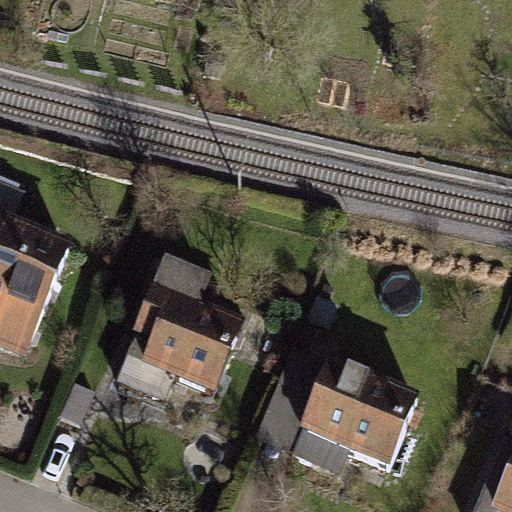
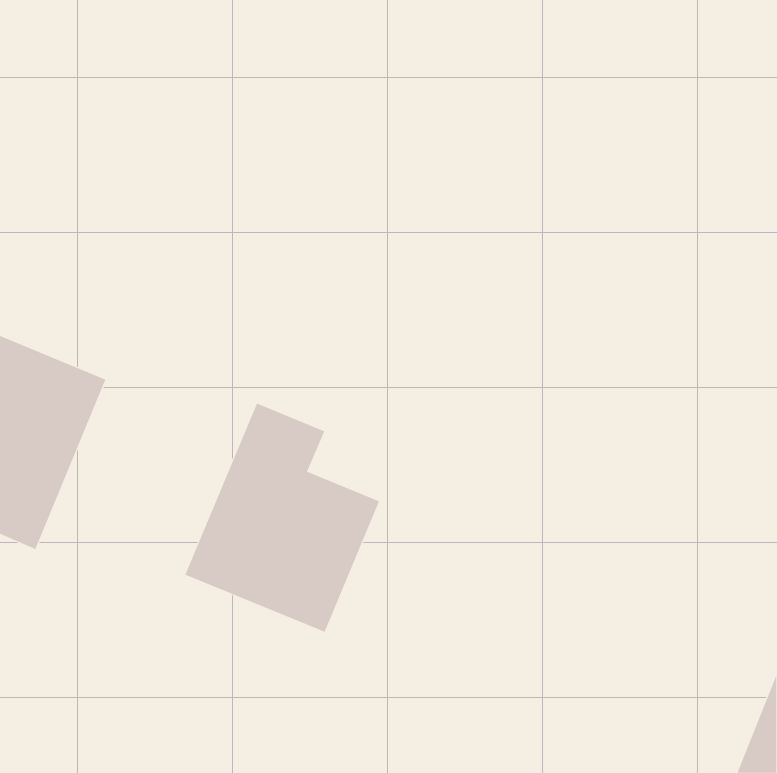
building: [288,364,421,479] -> none

